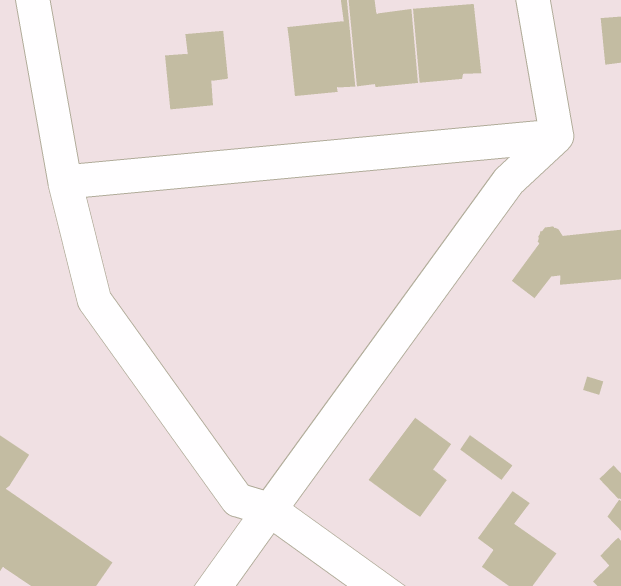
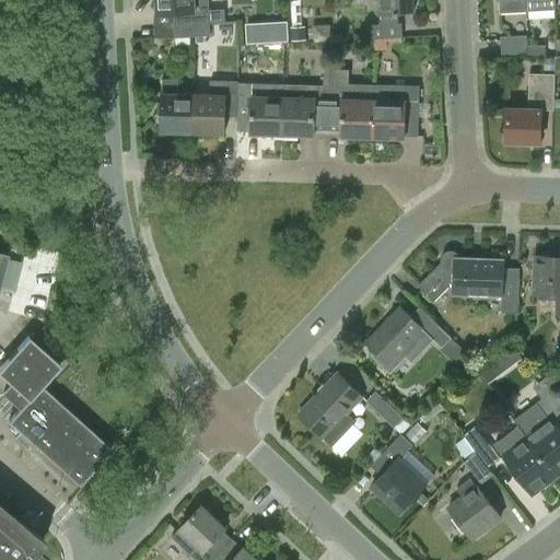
building: none -> [237,83,283,136]
building: none -> [161,80,194,133]
building: none -> [366,307,452,365]

